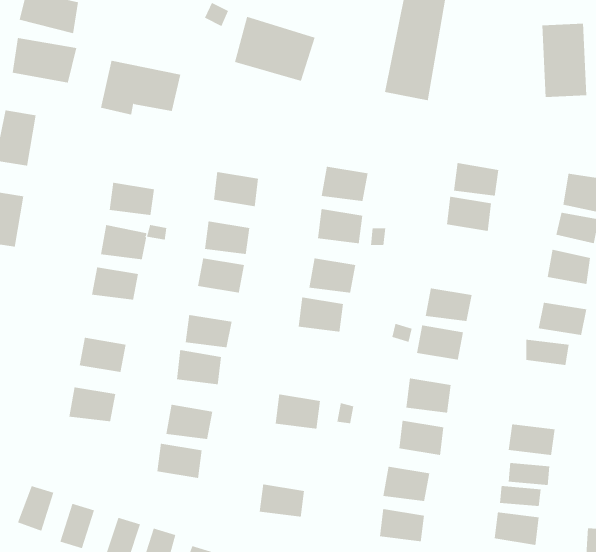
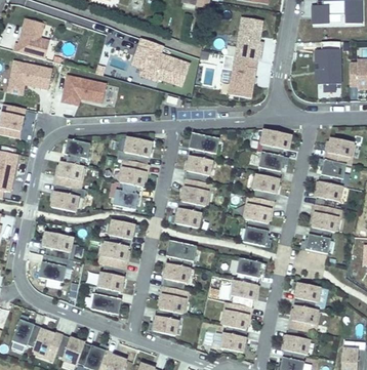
building: none -> [256,173,284,194]
building: none -> [165,243,192,263]
building: none -> [157,293,184,314]

